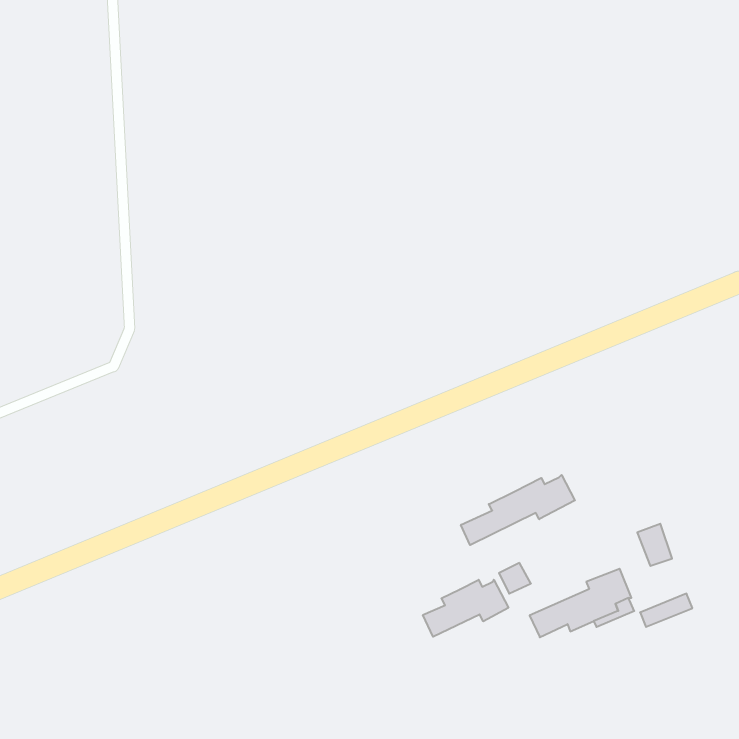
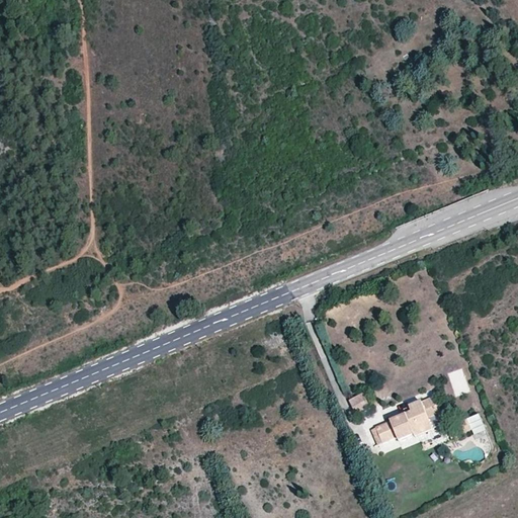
building: [461,475,575,545] -> none
building: [423,580,508,637] -> none

